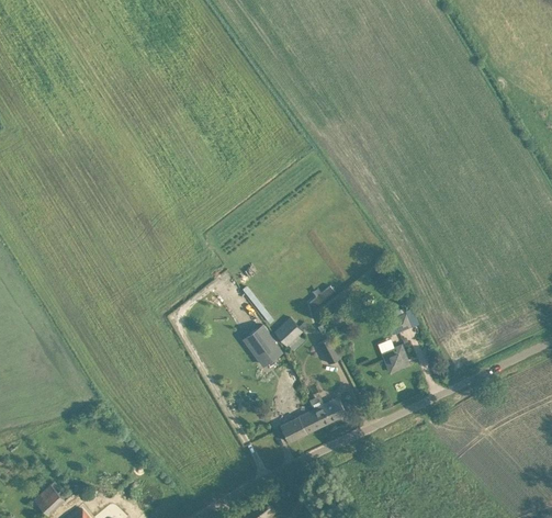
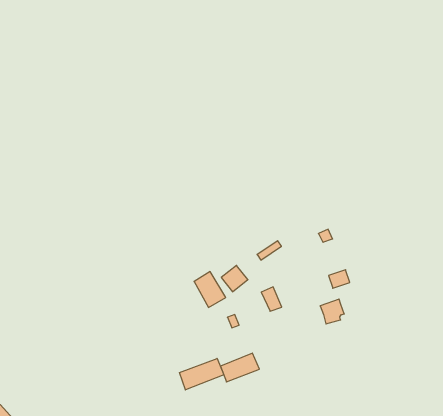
building: [313,398,346,427] -> none
building: none -> [180,358,224,390]

